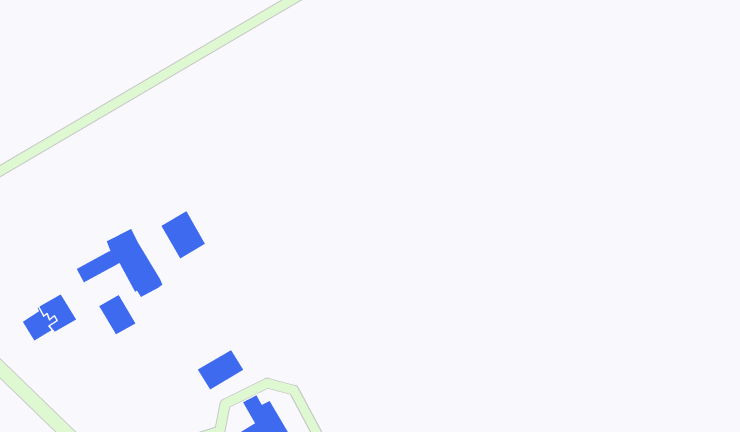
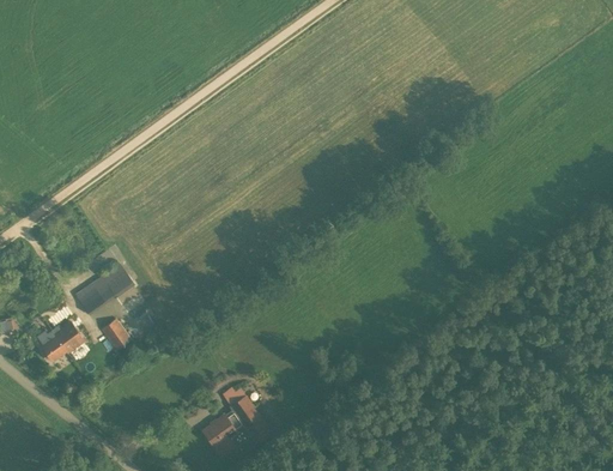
building: [161,210,206,260] -> none
building: [197,349,244,390] -> none

